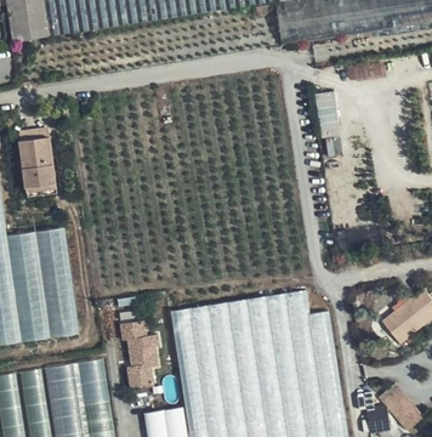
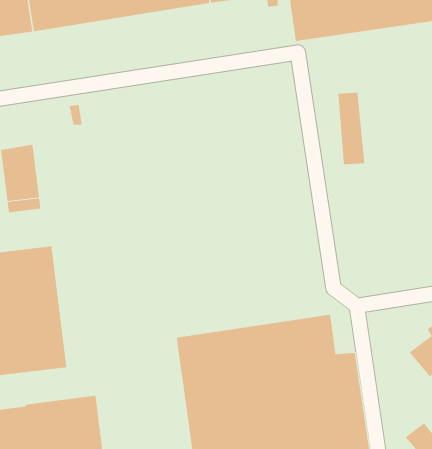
building: [119,322,157,387] -> none

